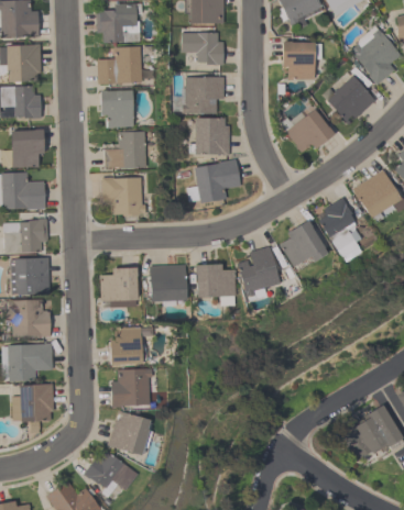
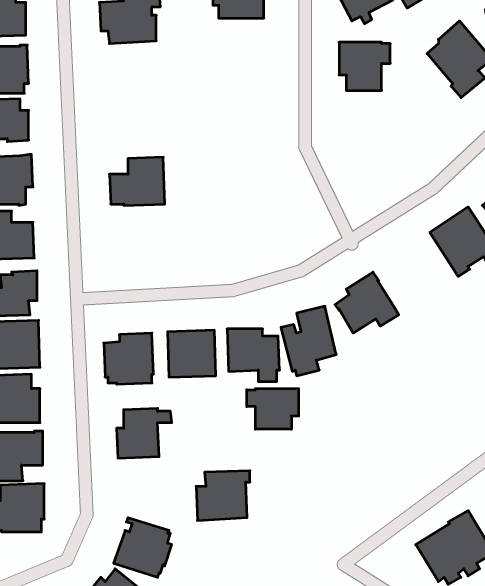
building: [181,32,223,65] -> none
building: [97,46,142,84] -> none
building: [326,71,375,124] -> none
building: [182,77,223,113] -> none
building: [99,89,133,127] -> none
building: [280,109,334,153] -> none
building: [188,118,229,155] -> none
building: [186,159,240,203] -> none
building: [101,177,145,220] -> none
building: [318,197,361,262] -> none
building: none -> [247,389,299,429]
building: [110,368,152,407] -> [196,471,250,520]

